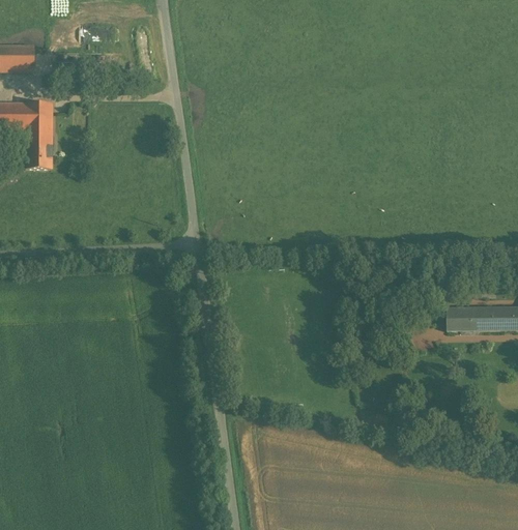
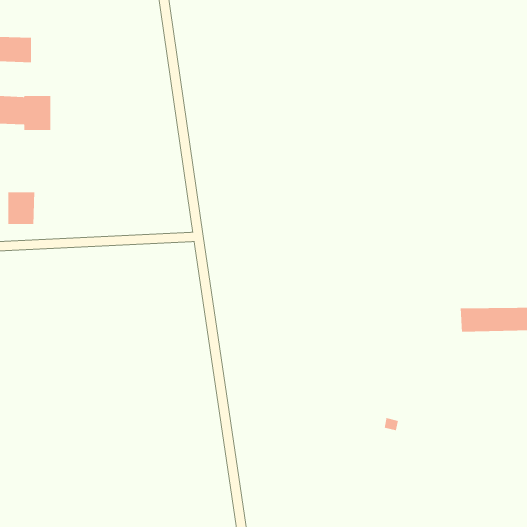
building: [25,136,52,168] -> [7,192,35,225]

